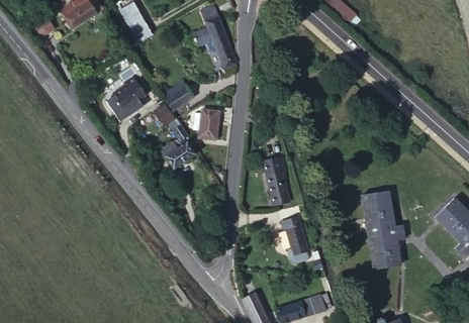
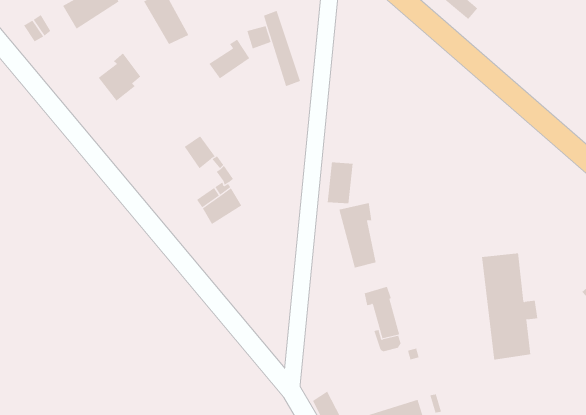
building: [108,81,139,116] -> [98,53,141,101]
building: [162,85,192,114] -> [208,39,250,79]
building: [197,111,216,141] -> [327,162,353,204]

